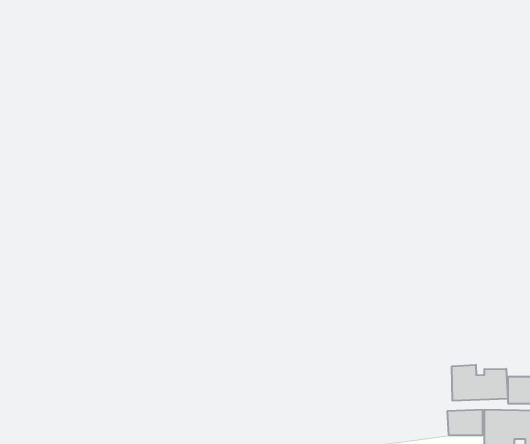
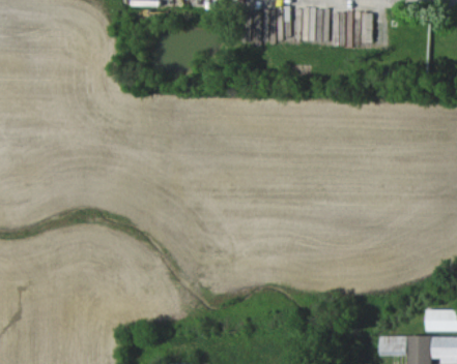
building: [452,365,508,401] -> none

